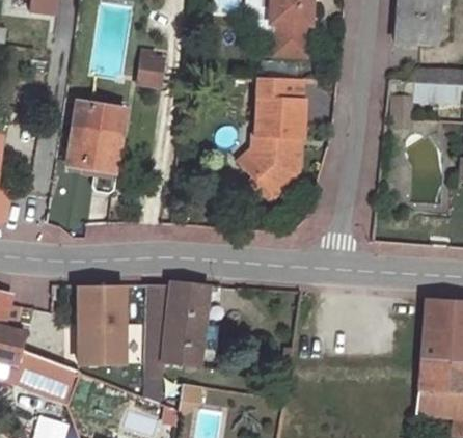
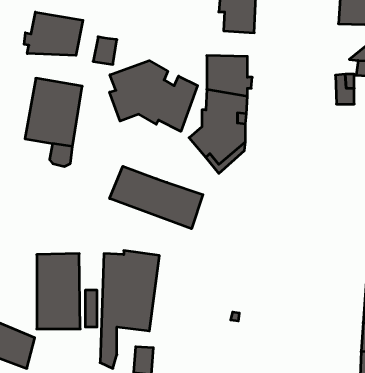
building: none -> [24,12,83,55]
building: none -> [110,61,198,131]
building: none -> [110,166,203,229]

